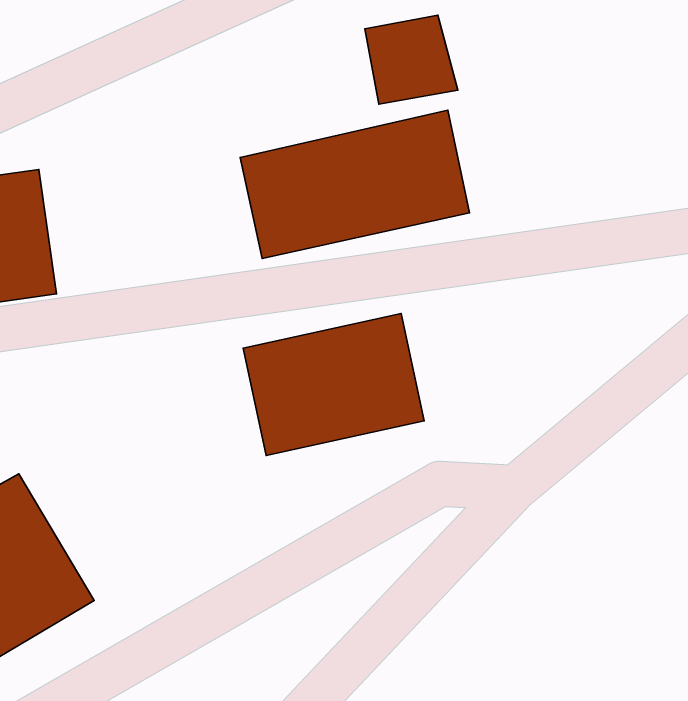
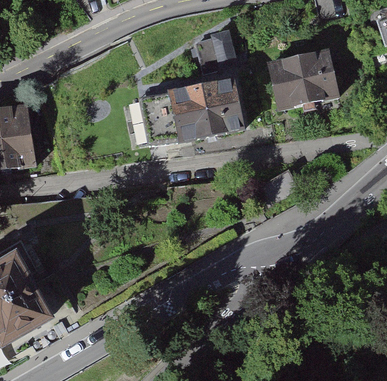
building: none -> [264,45,341,109]
building: [243,314,424,455] -> none

